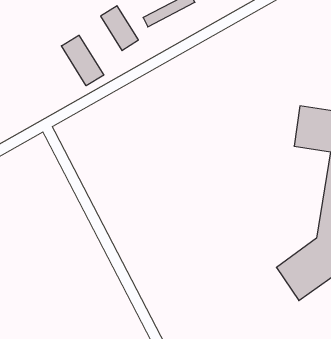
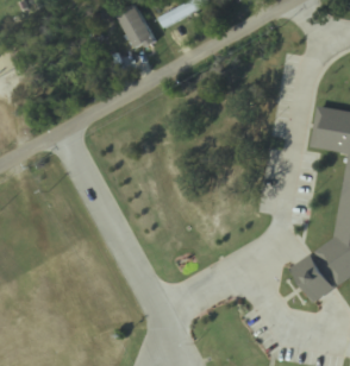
building: [61,35,104,86] -> none

